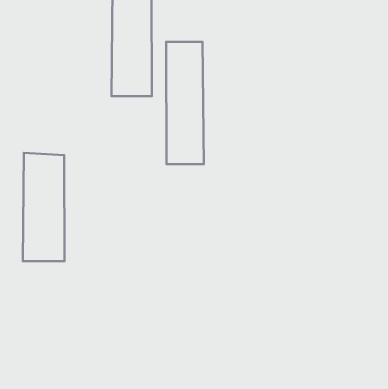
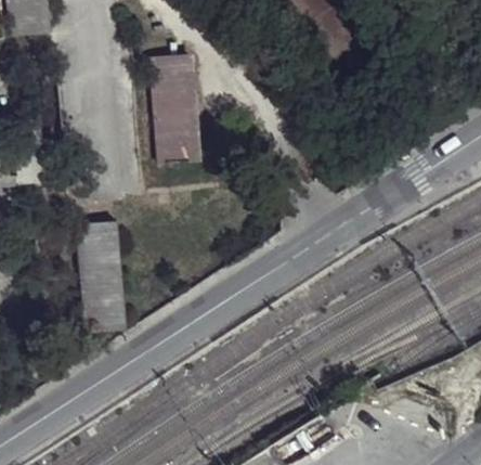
building: [166,42,204,164] -> none

